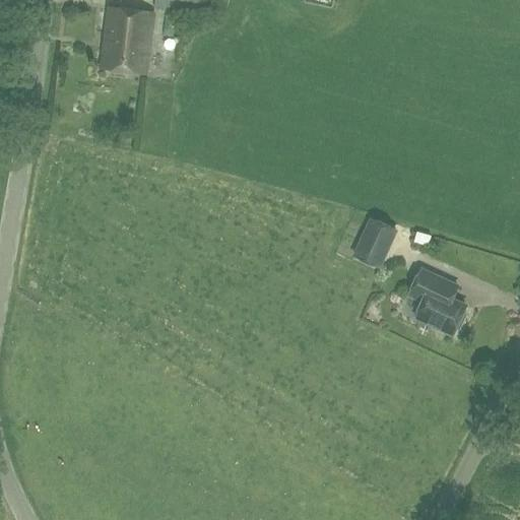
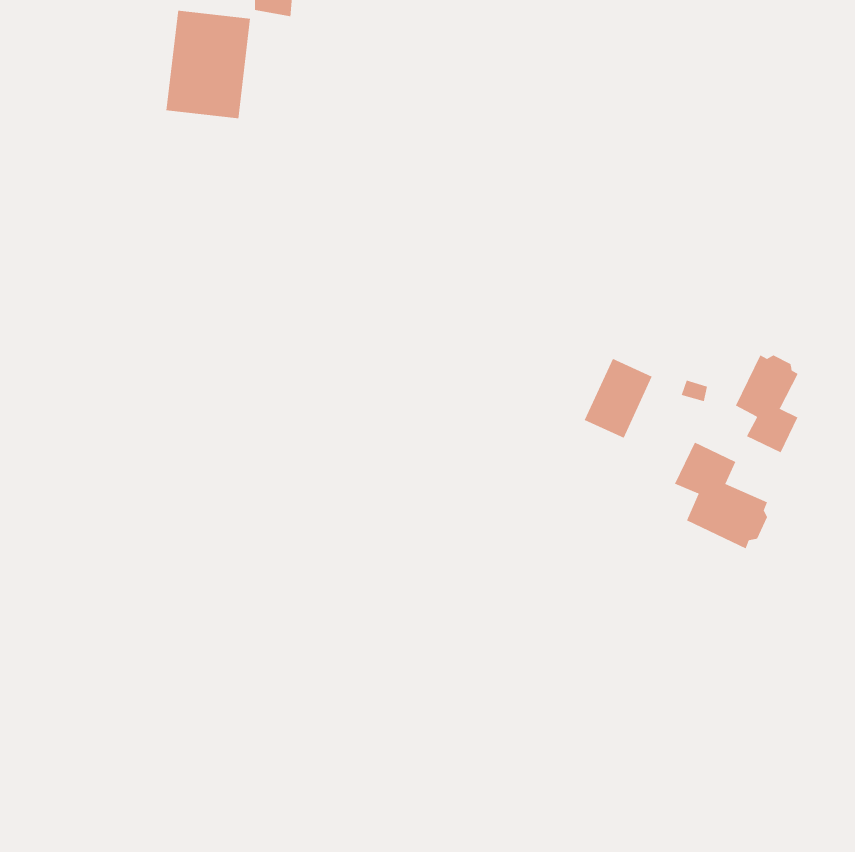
building: none -> [735,354,799,453]

